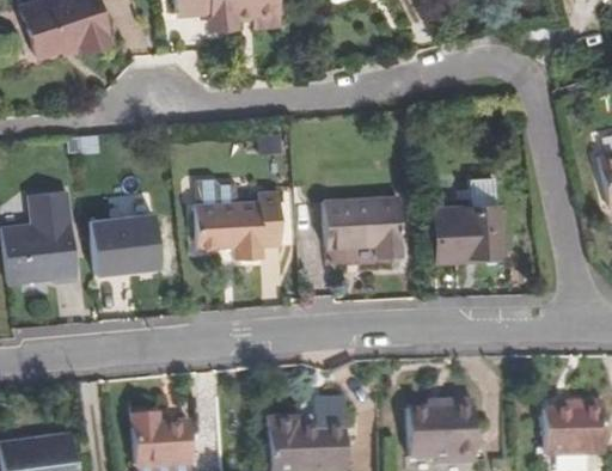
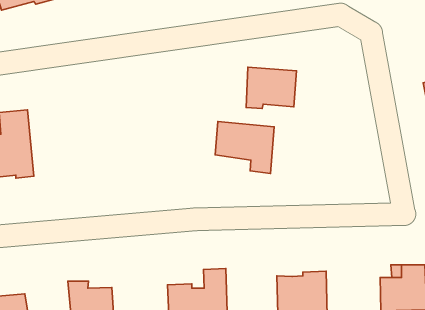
building: [198,191,283,259] -> none
building: [434,200,501,255] -> [246,67,296,108]
building: [93,214,163,273] -> none

